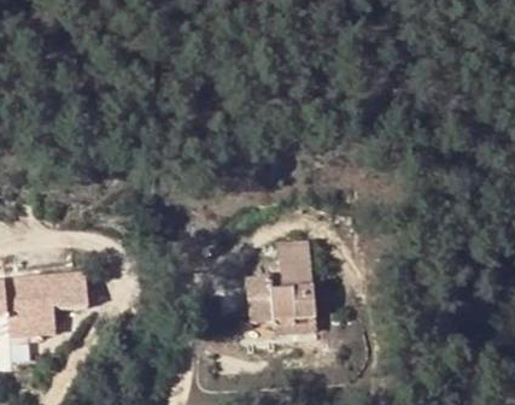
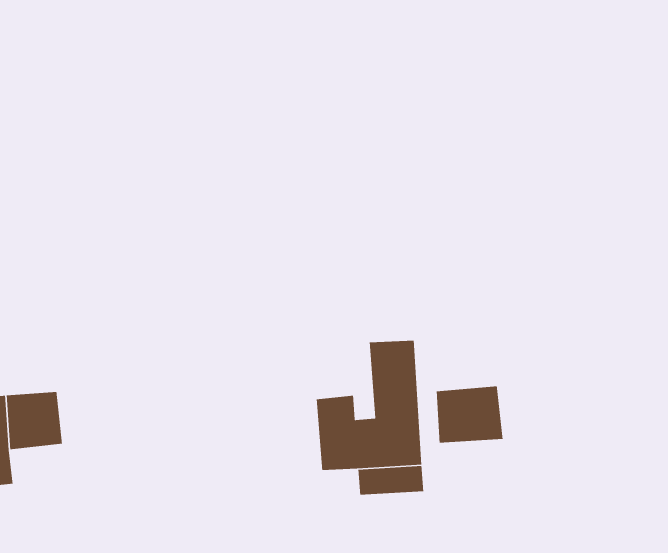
building: none -> [436,385,503,443]

